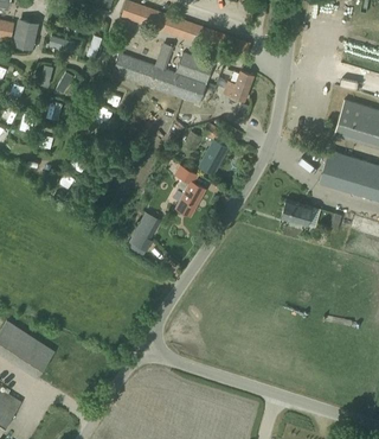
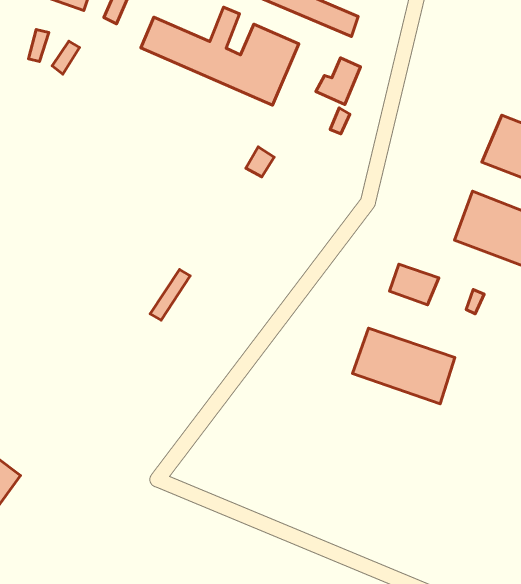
building: [199,123,226,172] -> none
building: [175,164,204,215] -> none
building: none -> [353,328,455,404]

